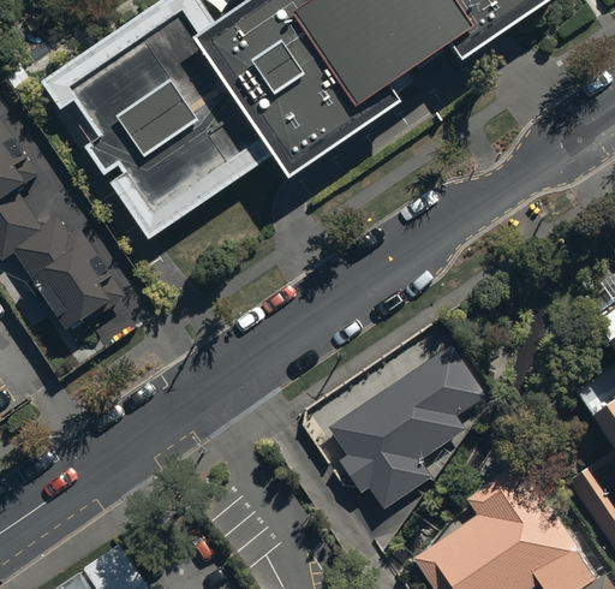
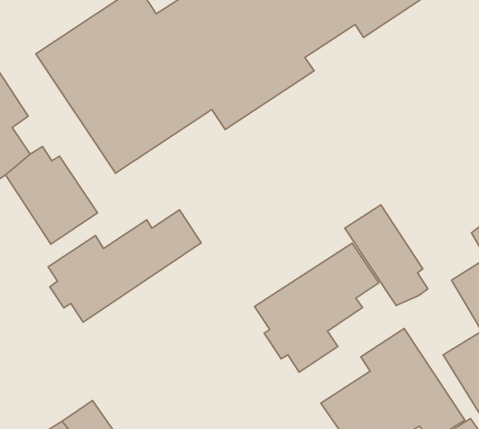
building: none -> [345,205,428,306]
building: none -> [48,210,201,322]

